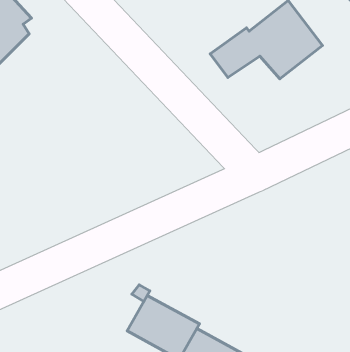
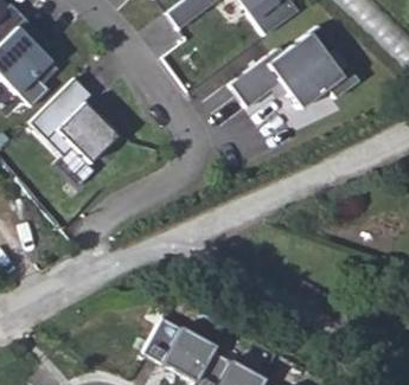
building: none -> [32,78,116,159]

